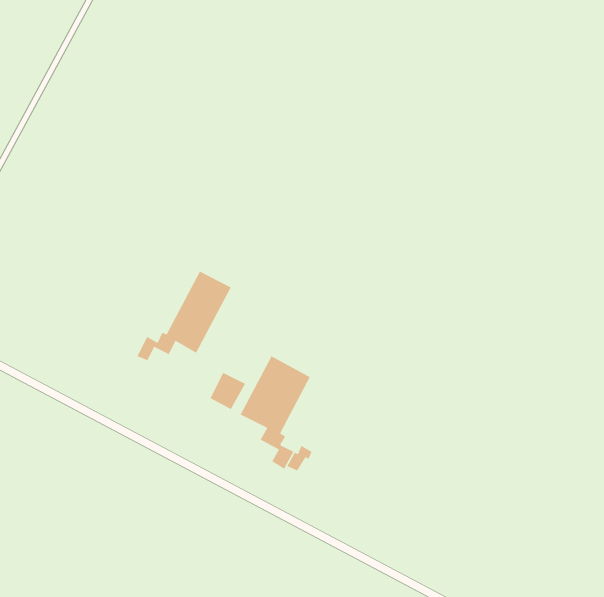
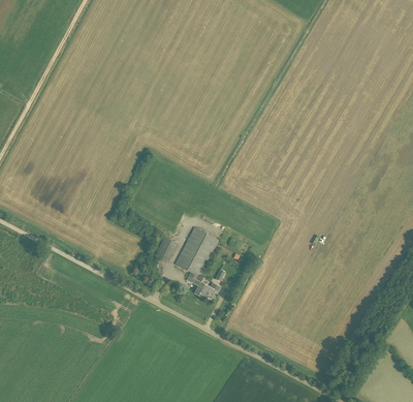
building: [136,271,232,361] -> none

